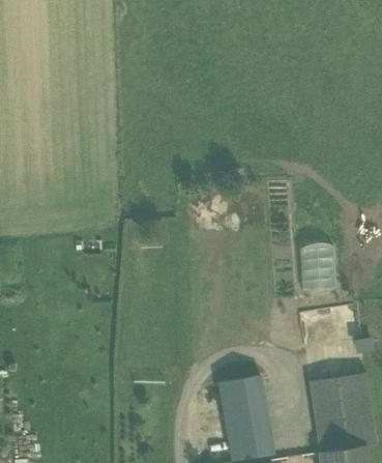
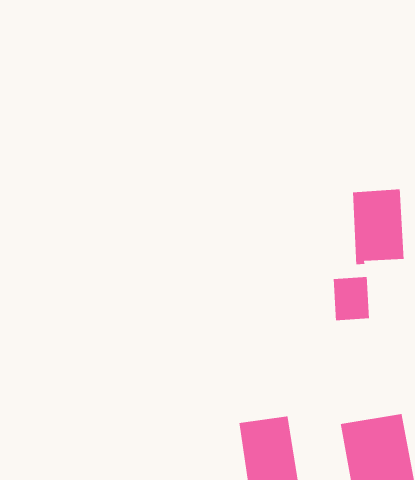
building: none -> [352,188,404,265]

